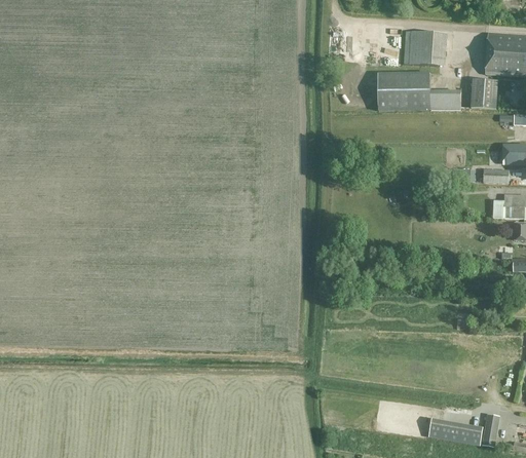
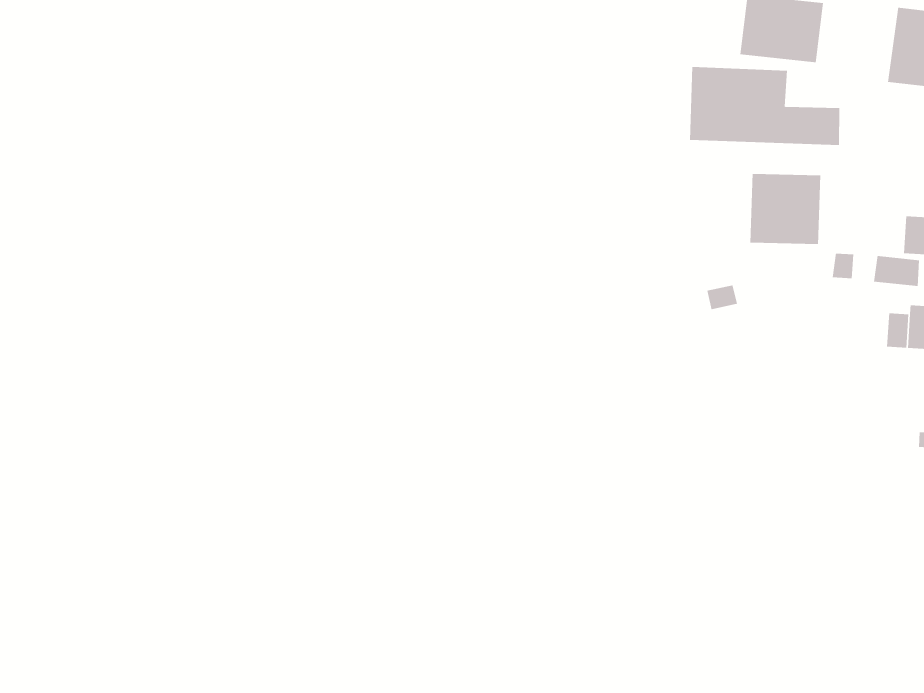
building: [471,78,498,109] -> none
building: none -> [750,173,821,245]

